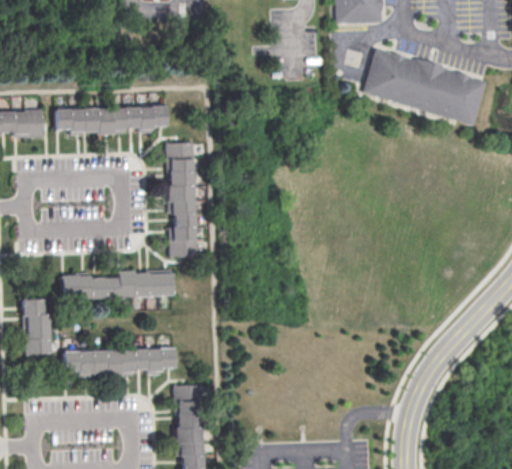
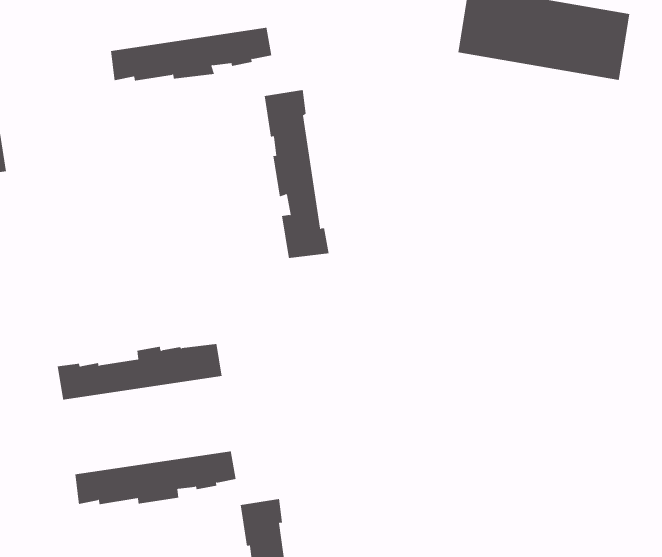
building: [56,106,167,134] -> [110,27,272,81]
building: [167,142,199,257] -> [264,89,330,258]
building: [23,299,50,354] -> none

